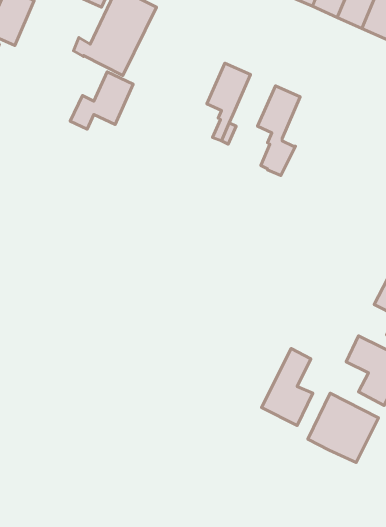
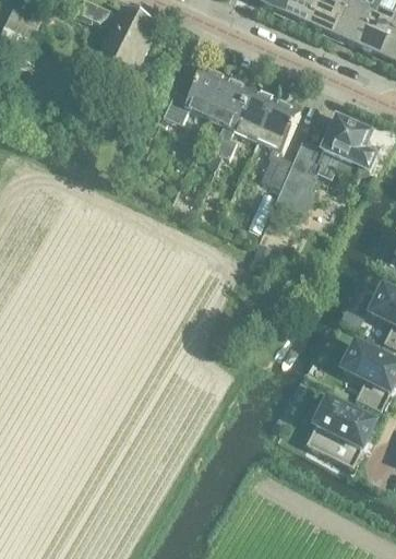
building: [70,72,133,129] -> [164,64,225,120]
building: none -> [232,87,274,138]
building: none -> [273,115,374,215]
building: [262,348,313,425] -> none

